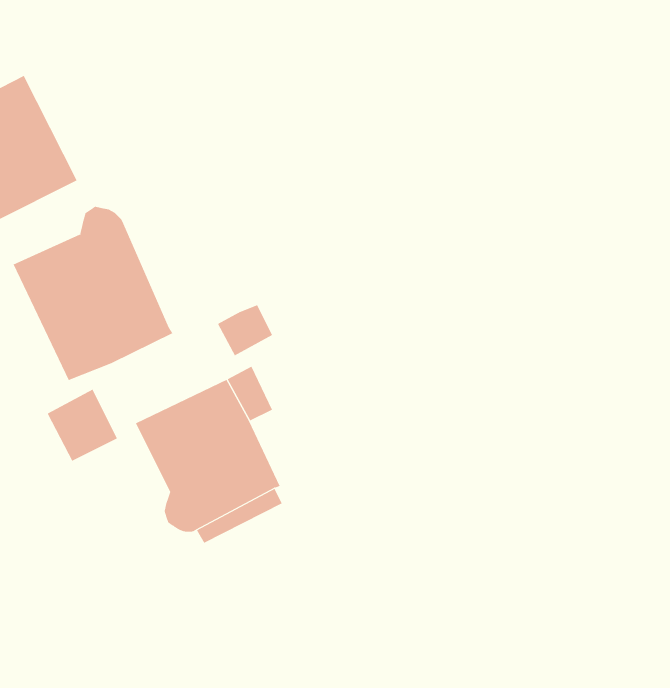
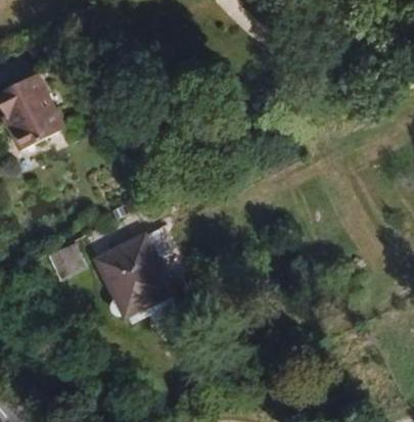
building: [13,206,173,381] -> none

